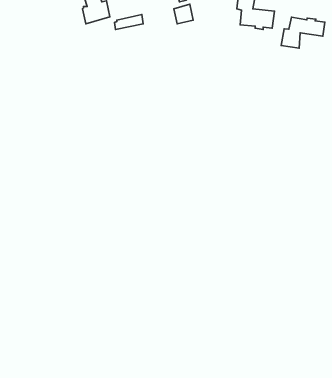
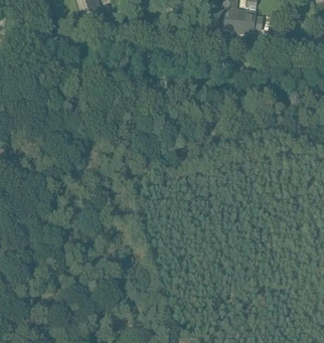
building: [281,17,325,48] -> none

